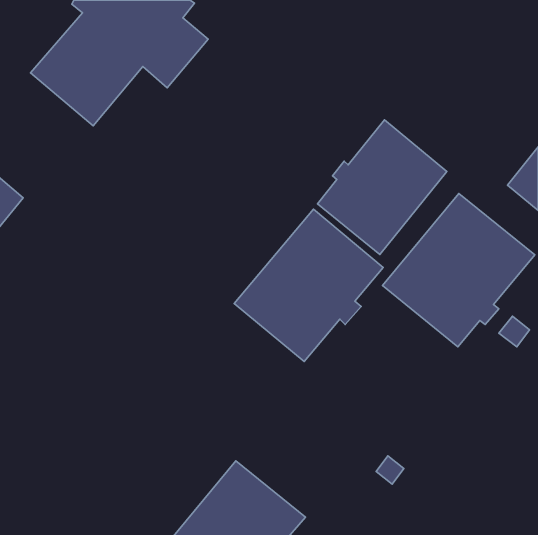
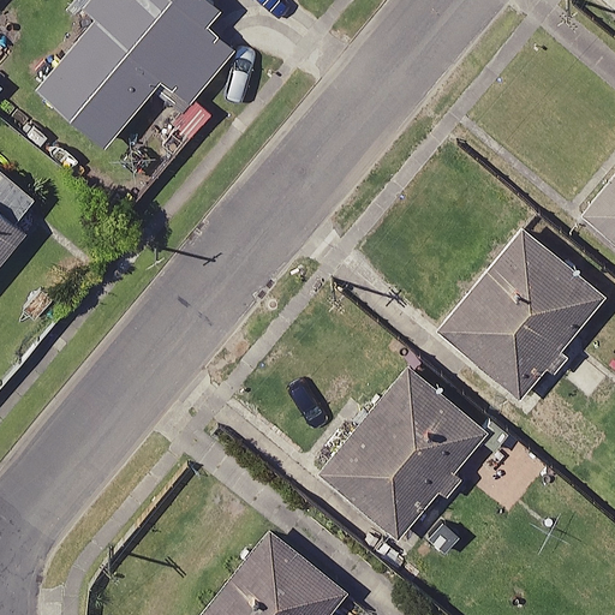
building: [318,120,447,255] -> none
building: [234,209,383,362] -> [318,368,488,541]

